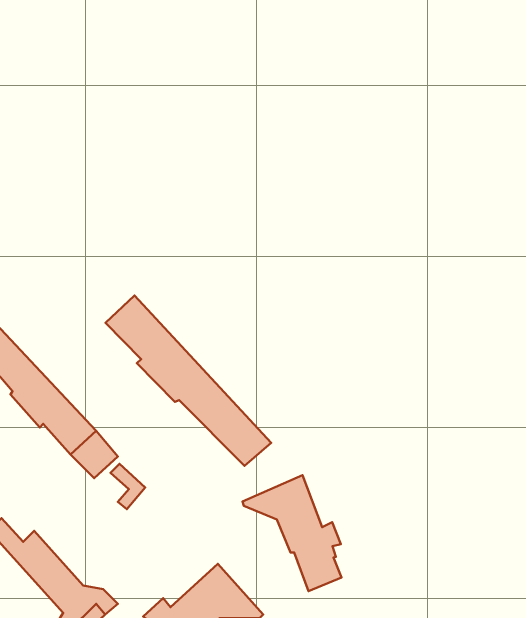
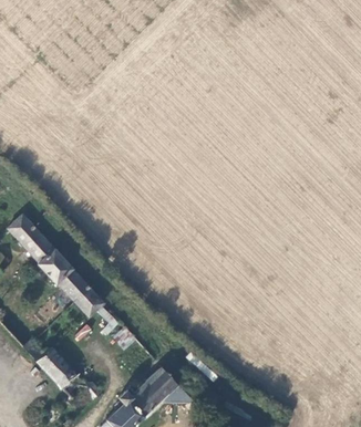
building: [105,296,271,466] -> none
building: [242,475,341,591] -> none

